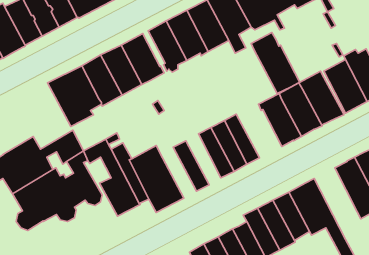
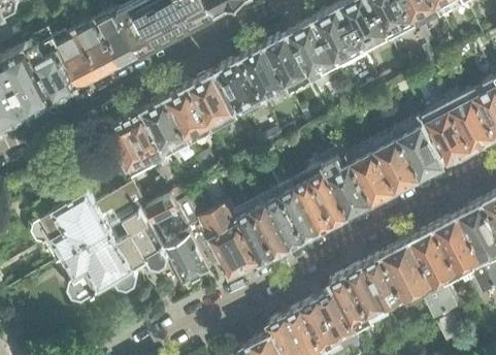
building: [251,33,299,94] -> [319,147,374,217]
building: none -> [264,189,305,248]
building: none -> [237,209,276,263]
building: none -> [411,228,461,311]

